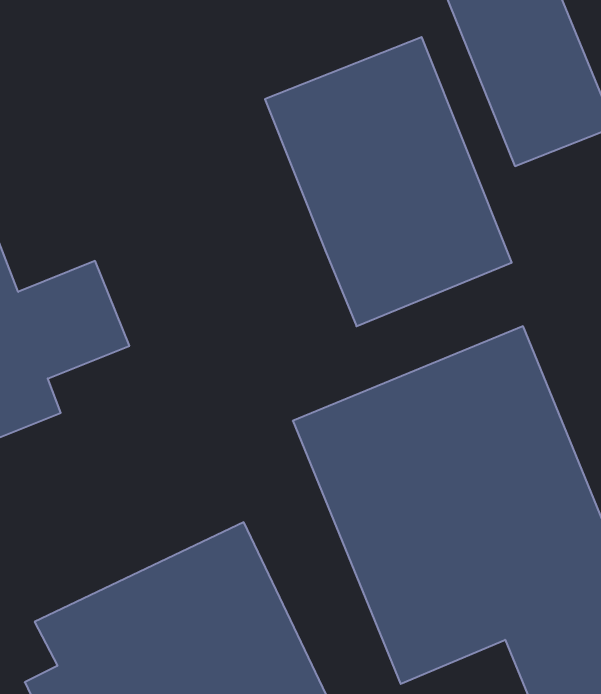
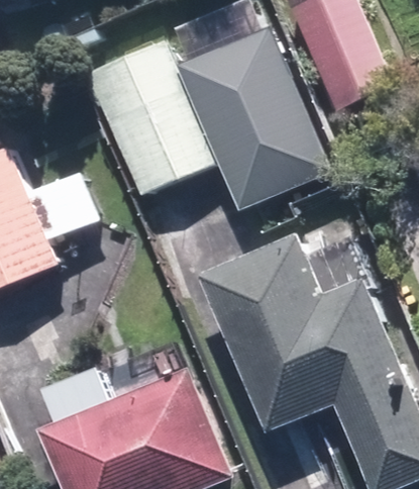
building: none -> [85,38,218,198]

